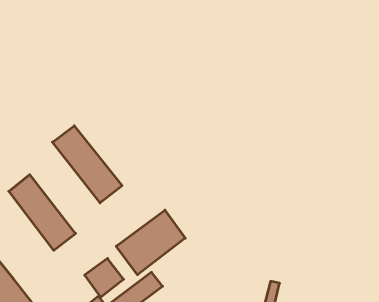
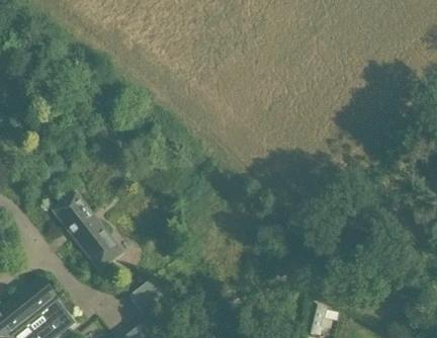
building: [52,126,122,203] -> none
building: [116,210,185,275] -> none

